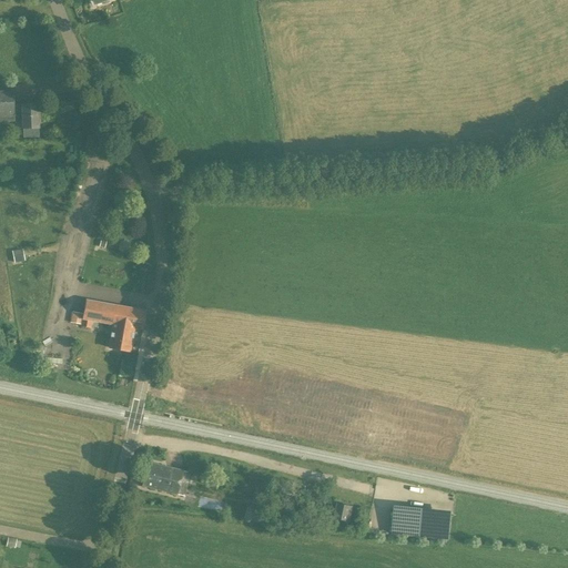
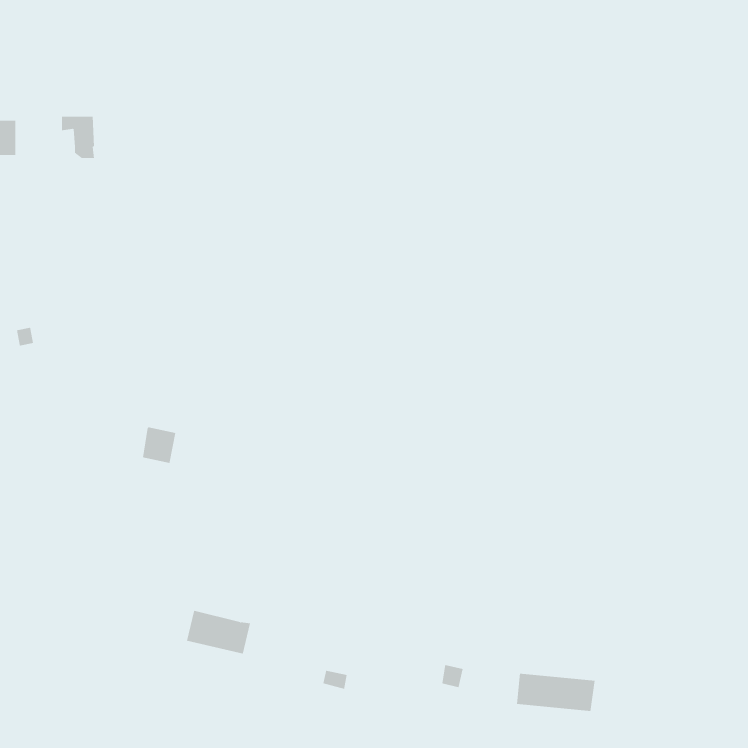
building: [12,104,38,136] -> [61,116,95,159]
building: [80,300,144,329] -> none

